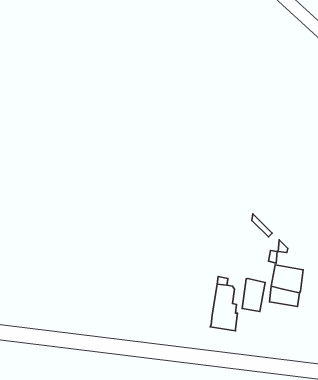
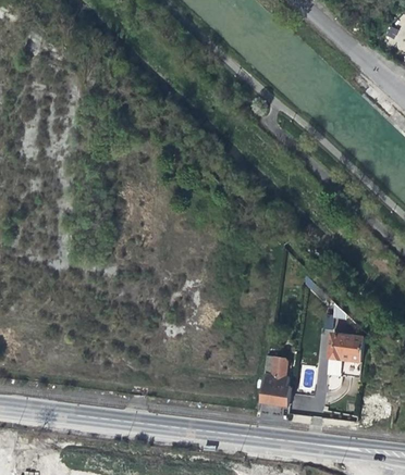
building: [242,278,265,312] -> none

